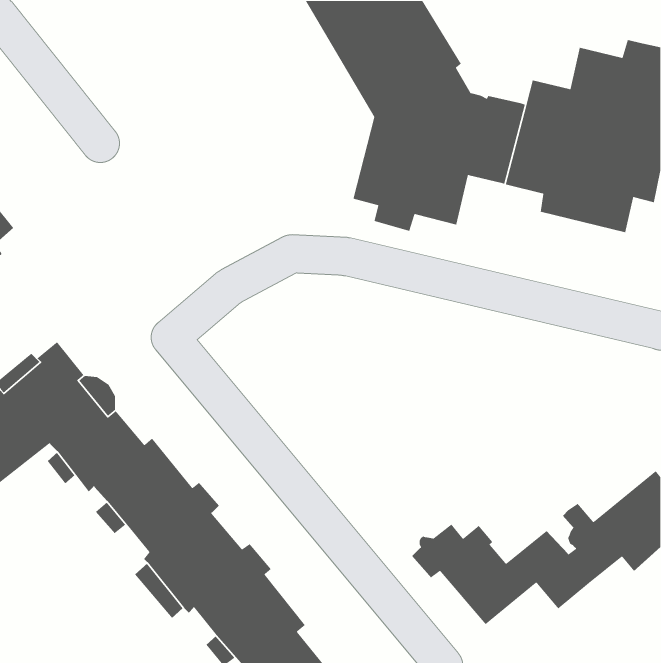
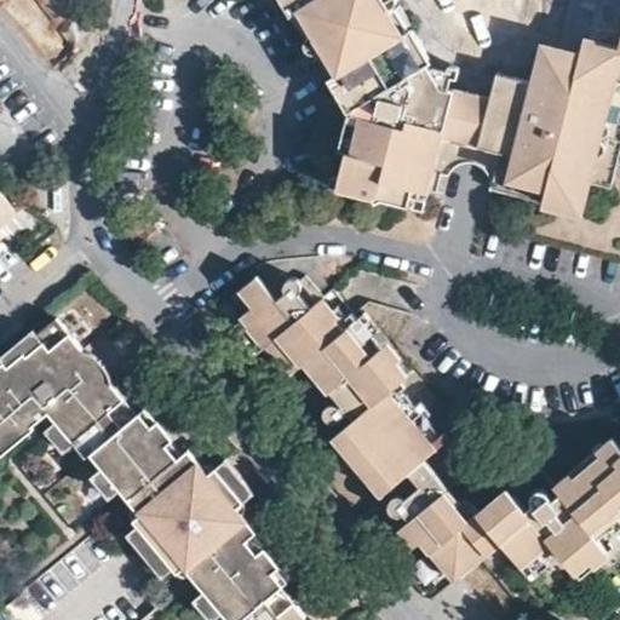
building: none -> [237,272,436,496]
building: none -> [197,454,256,512]
building: none -> [549,521,609,576]

